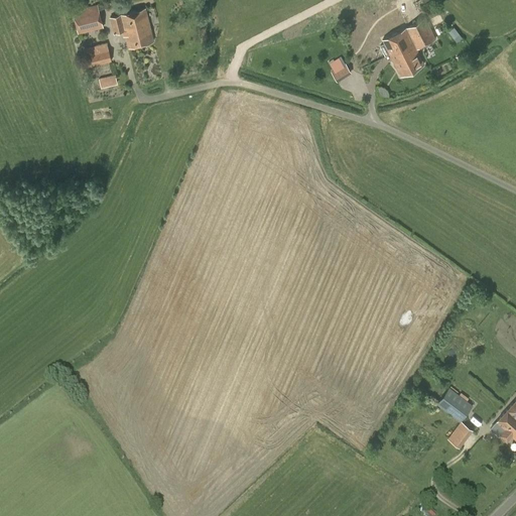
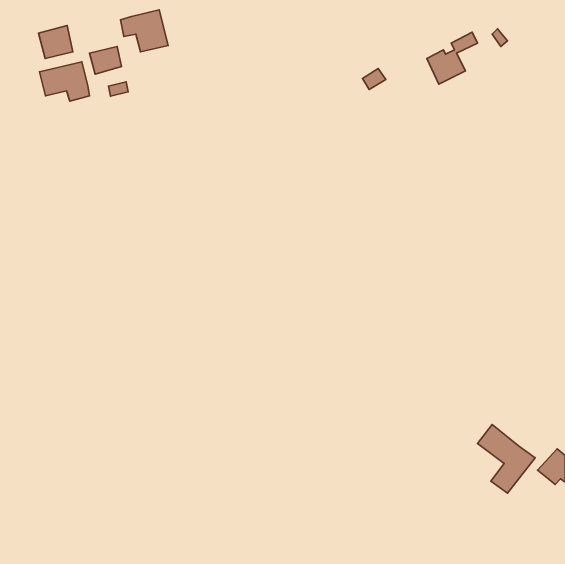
building: [72,5,103,35] -> [39,25,73,59]
building: [382,18,430,54] -> none
building: none -> [40,62,89,101]

